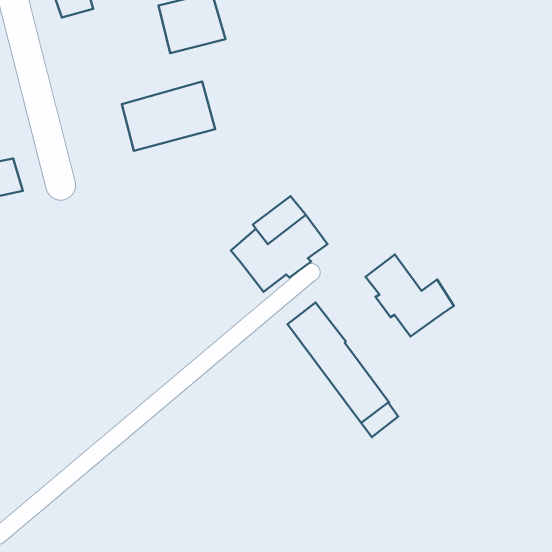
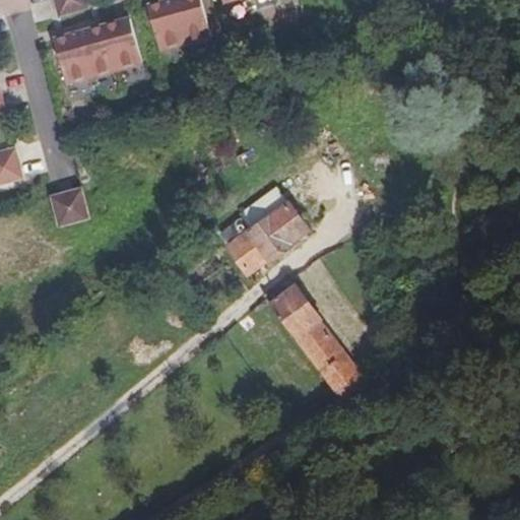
building: [122,81,215,151] -> [54,18,141,83]
building: none -> [49,186,87,224]
building: [366,254,454,337] -> none

